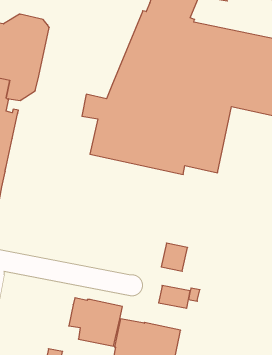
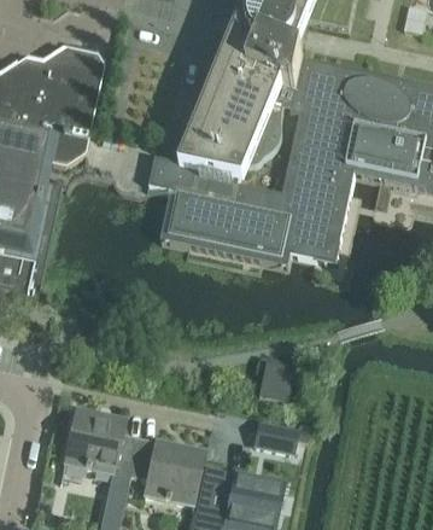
building: none -> [62,407,137,489]

